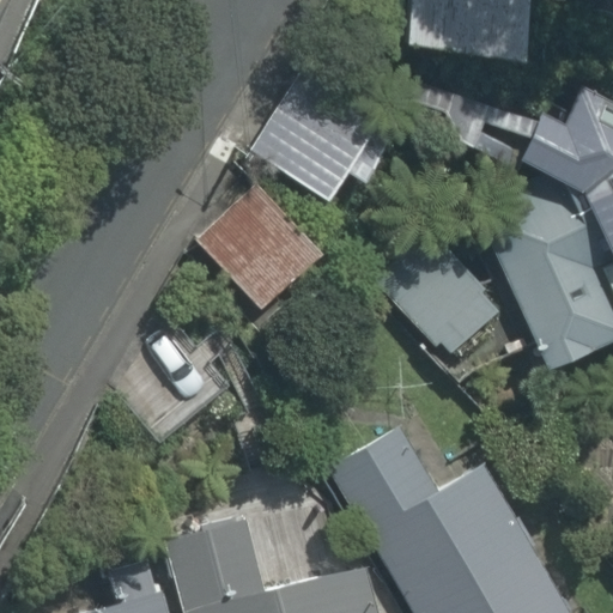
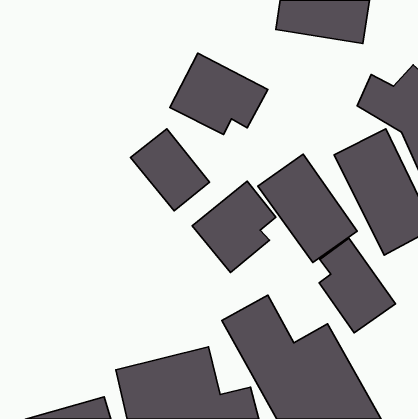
building: none -> [192,181,276,272]
building: none -> [319,238,395,333]

